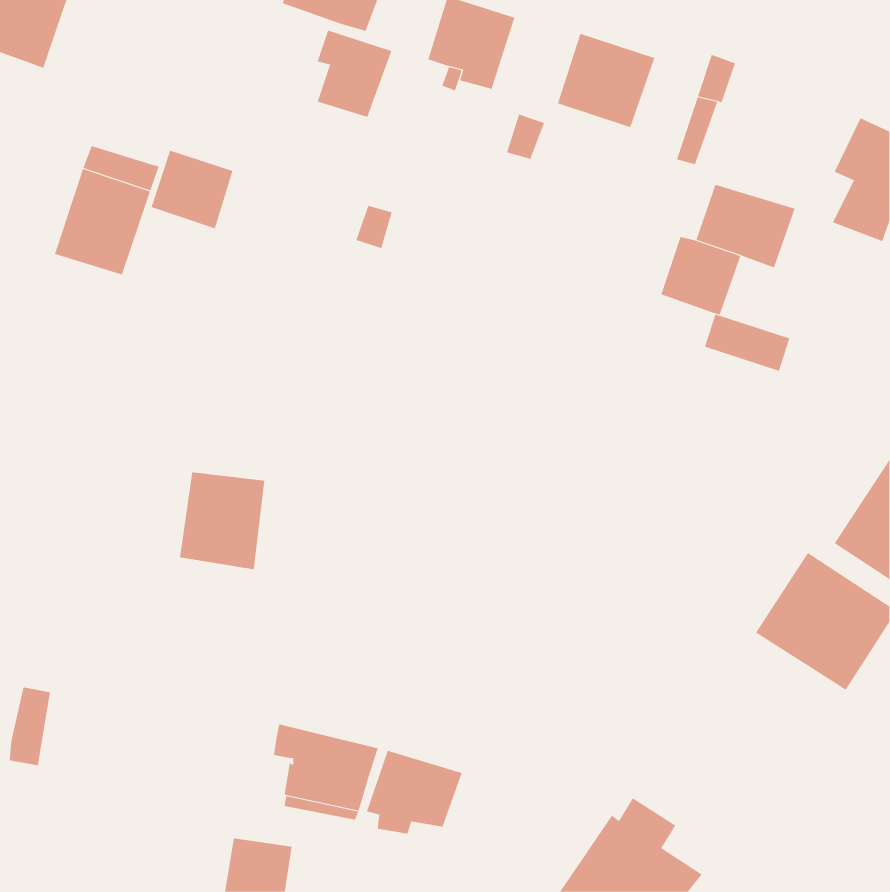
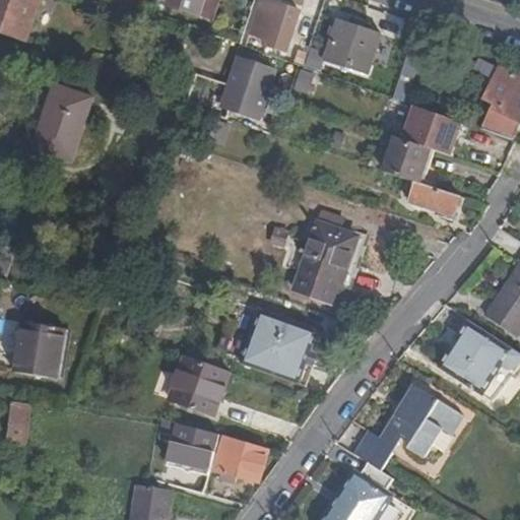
building: [317,30,392,118] -> [228,69,271,120]
building: [151,150,233,229] -> none
building: none -> [292,220,367,305]
building: [179,472,265,570] -> [12,321,62,378]
building: none -> [237,309,315,382]
building: none -> [168,354,230,414]
building: none -> [351,383,463,471]

